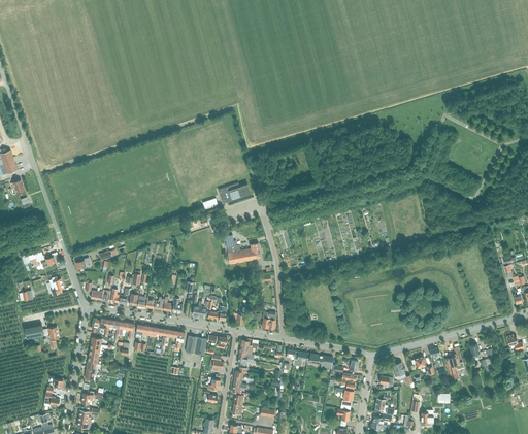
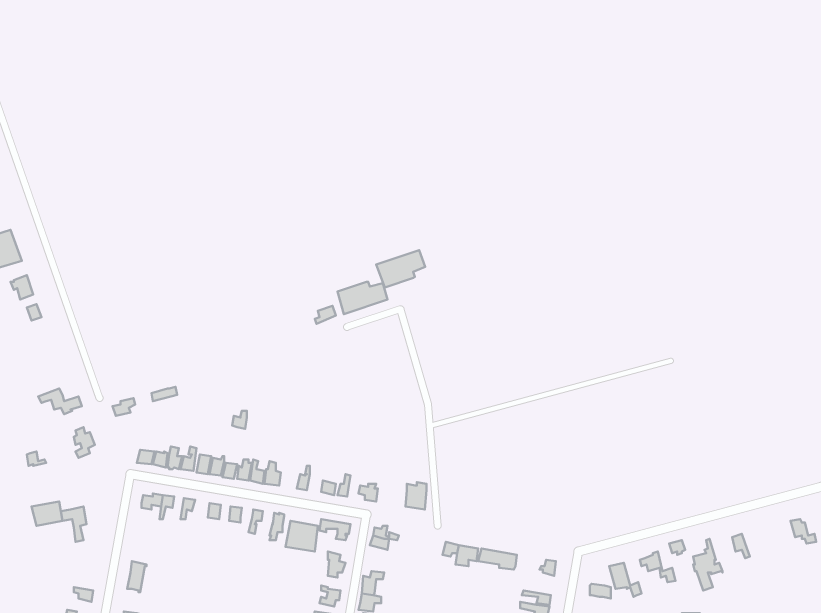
building: none -> [376,250,425,288]
building: [224,233,260,264] -> none

